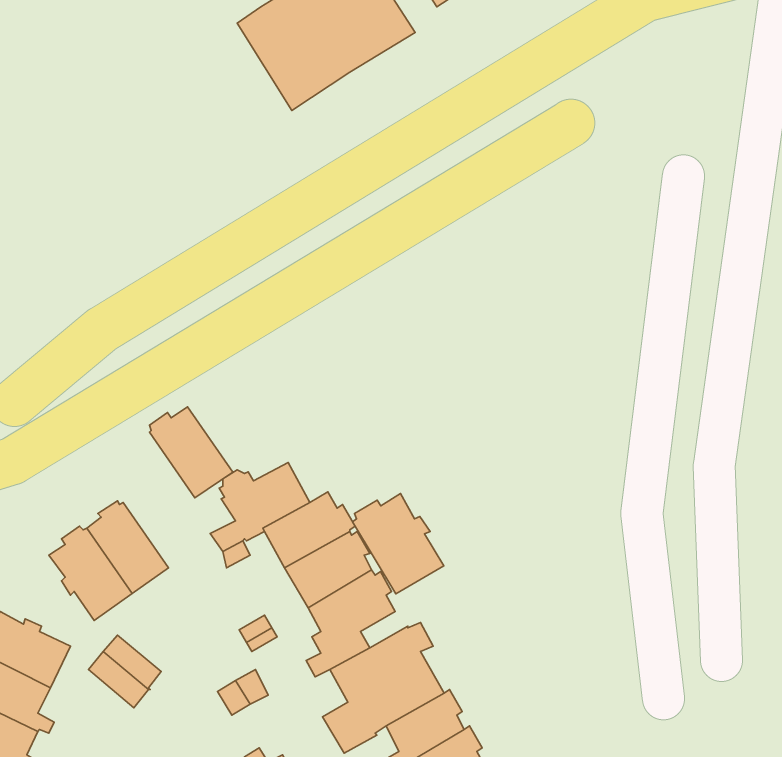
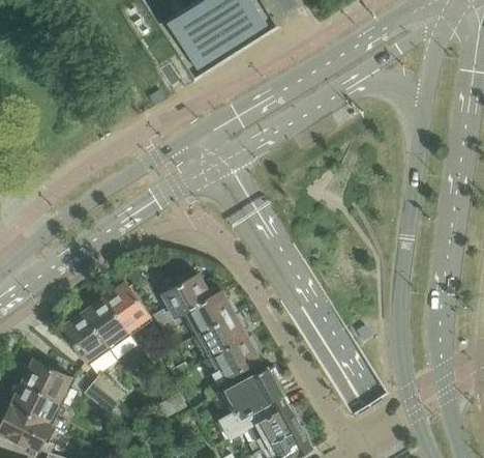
building: [150,407,233,498] -> [104,283,152,335]
building: [353,494,444,594] -> none

